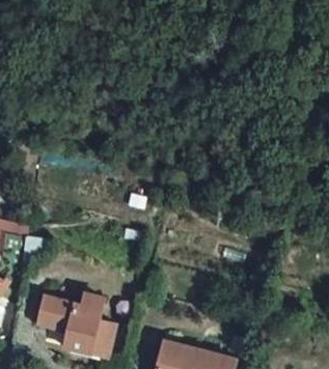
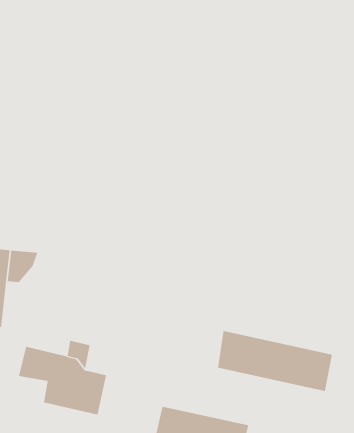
building: none -> [217,330,333,392]

